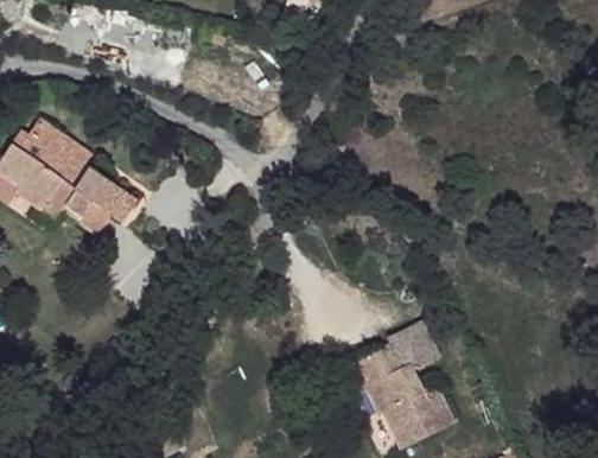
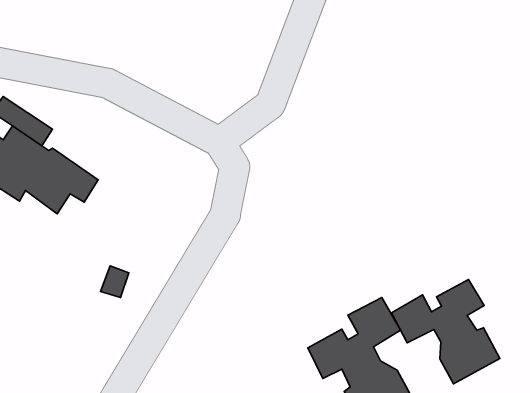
building: none -> [391,279,500,384]

